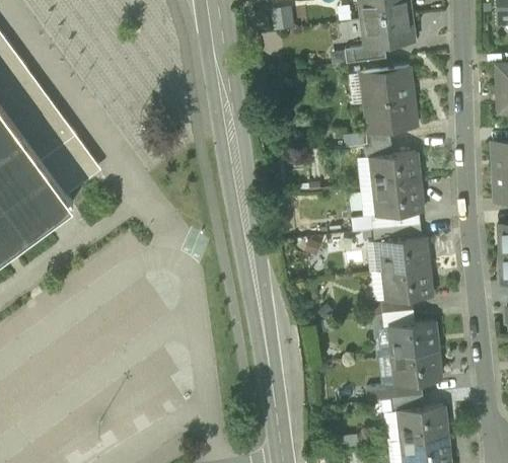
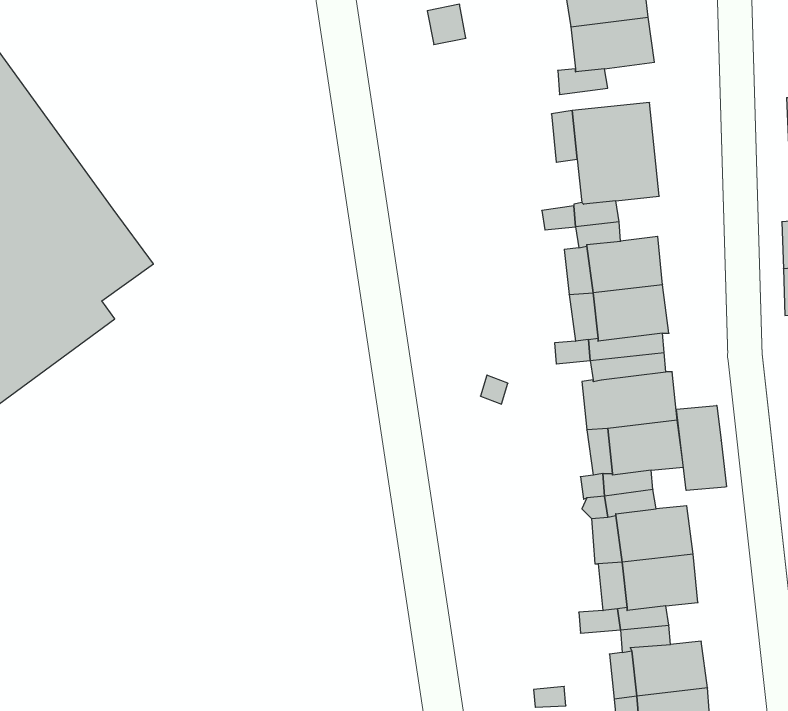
building: none -> [677,405,726,490]

